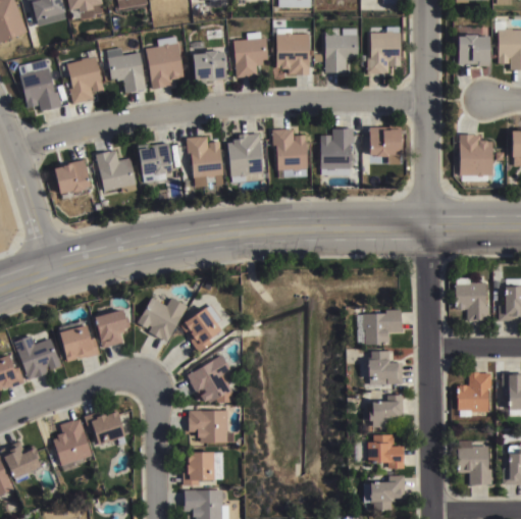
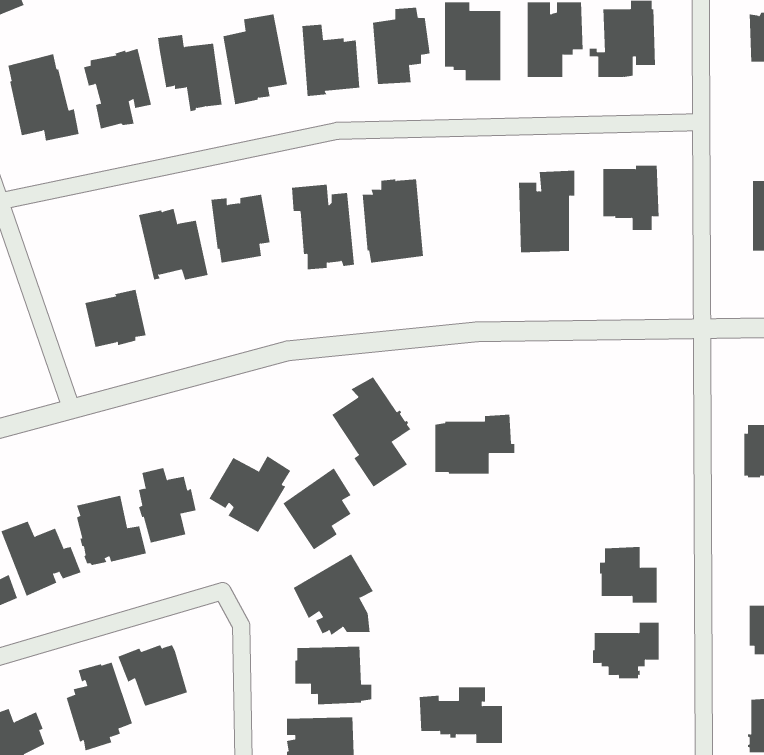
building: [272,128,308,177] -> none
building: [53,159,90,194] -> [84,289,146,348]
building: none -> [331,376,411,488]
building: [357,309,405,345] -> [434,414,515,474]
building: [355,435,405,469] -> [419,687,503,743]

